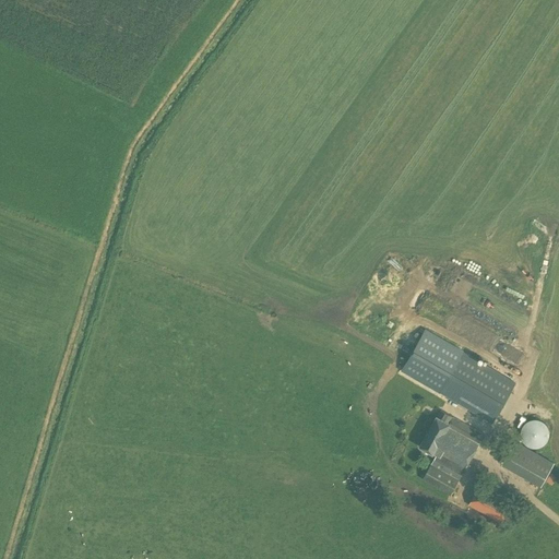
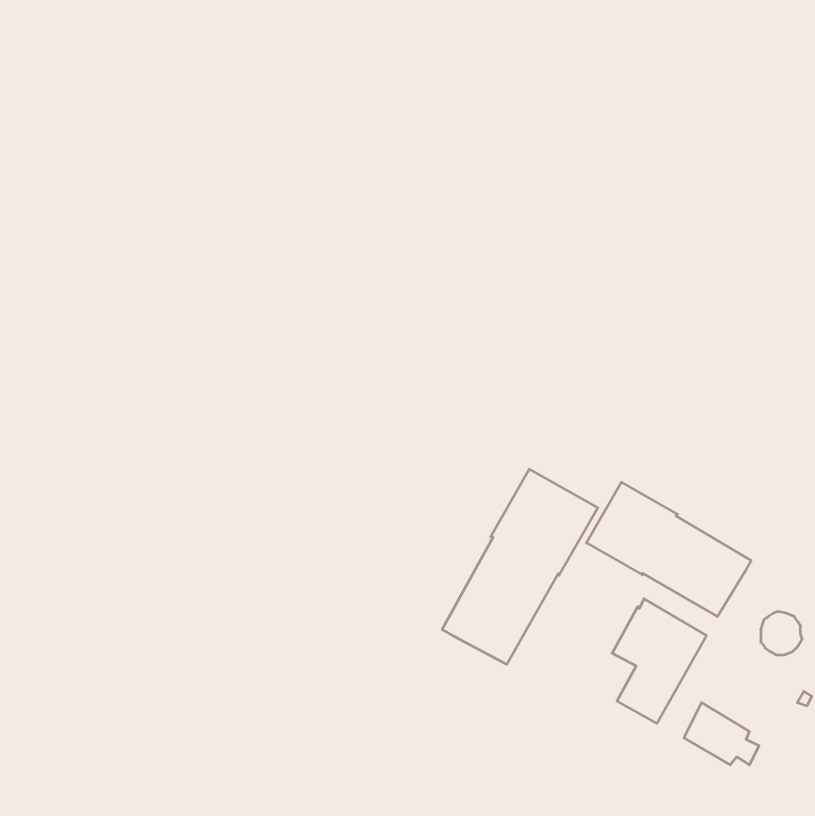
building: none -> [442,469,598,664]
building: [499,445,551,486] -> none

